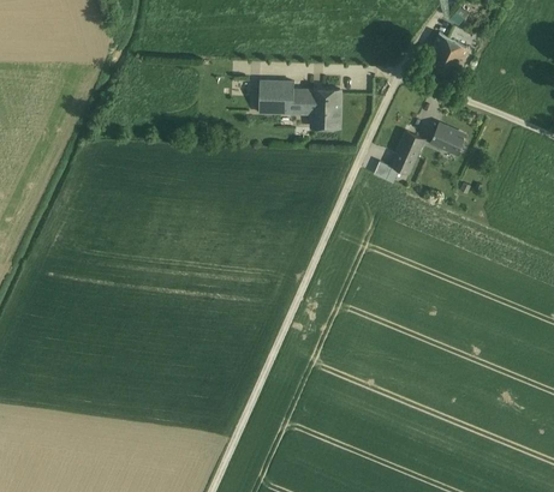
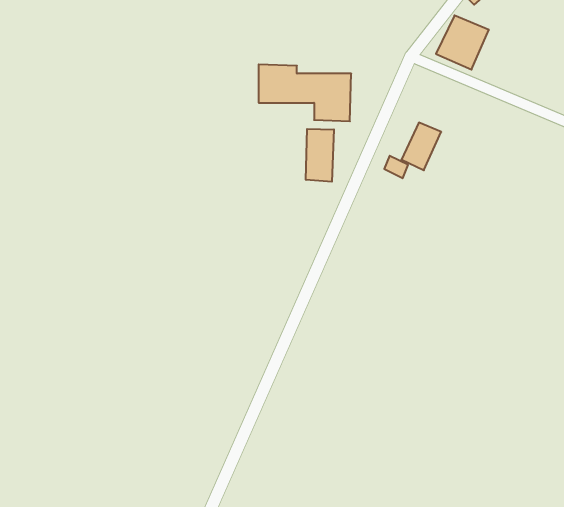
building: [430,124,466,156] -> none
building: none -> [306,129,334,182]

